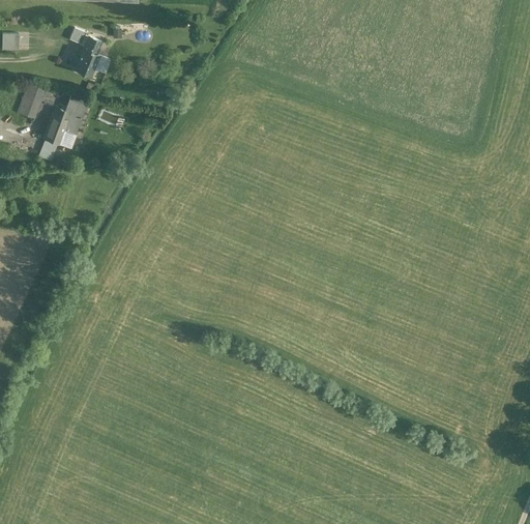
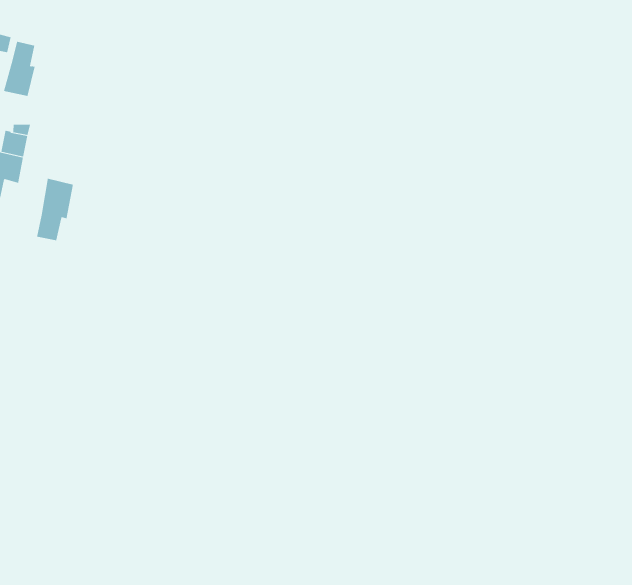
building: none -> [37,178,74,241]

